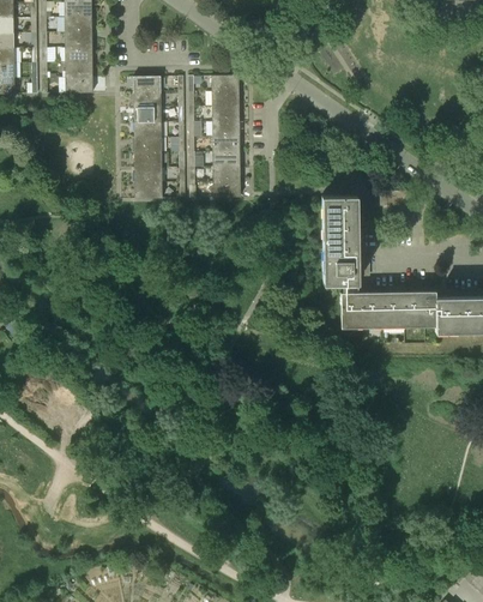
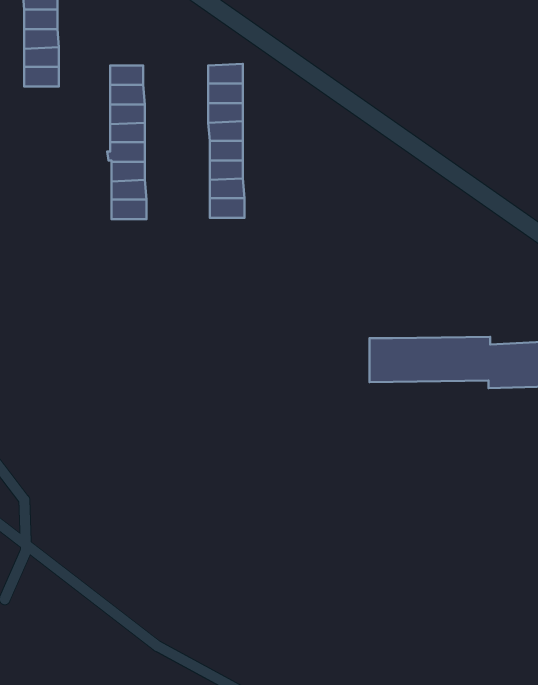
building: [322,195,370,284] -> none

